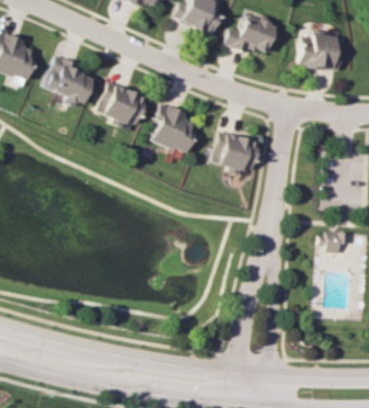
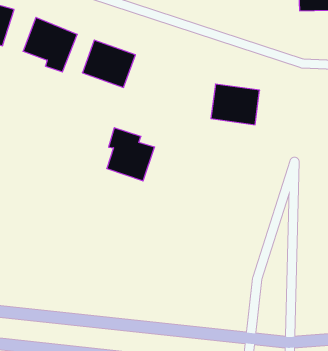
building: [151,102,197,154] -> [107,128,155,181]

